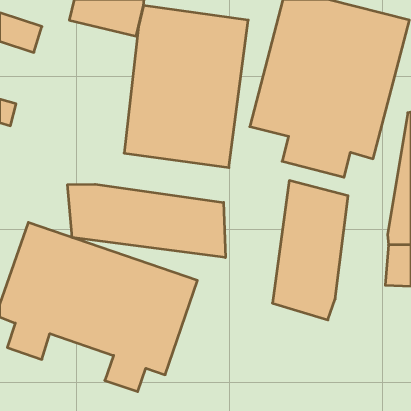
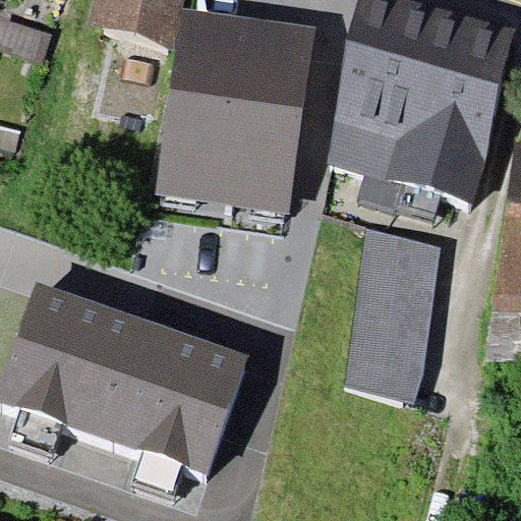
building: [68,184,225,258] -> none

